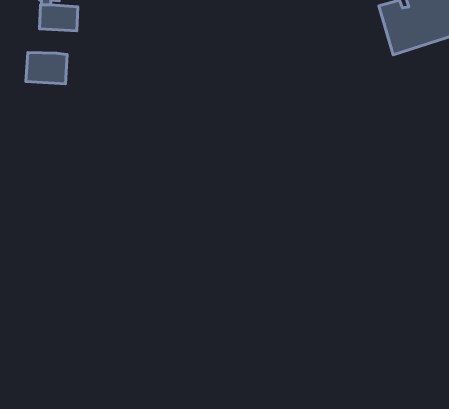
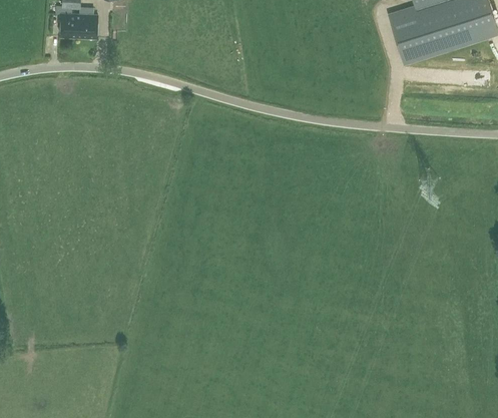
building: [26,52,67,84] -> none

